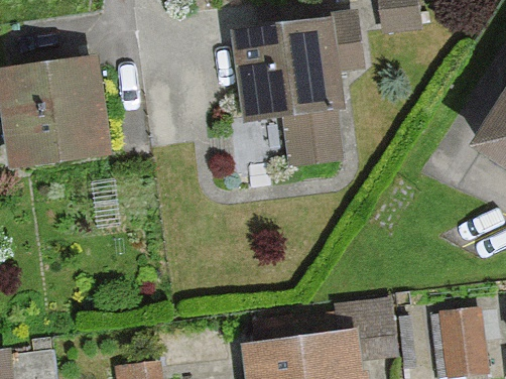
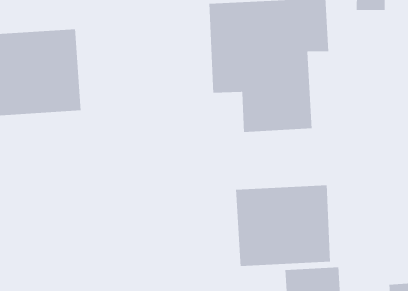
building: none -> [235,184,331,267]

